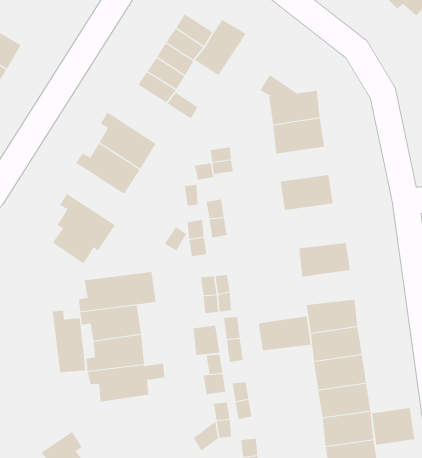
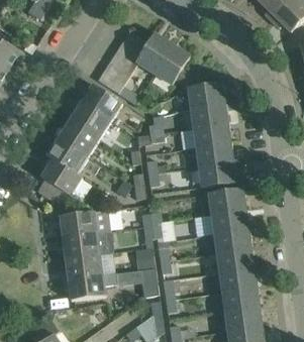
building: none -> [154,44,190,85]
building: none -> [76,85,122,121]
building: none -> [193,123,230,147]
building: none -> [47,134,88,178]
building: none -> [199,162,235,187]
building: [52,309,86,373] -> none
building: [258,316,311,351] -> [211,209,248,233]
building: [371,407,415,445] -> none

